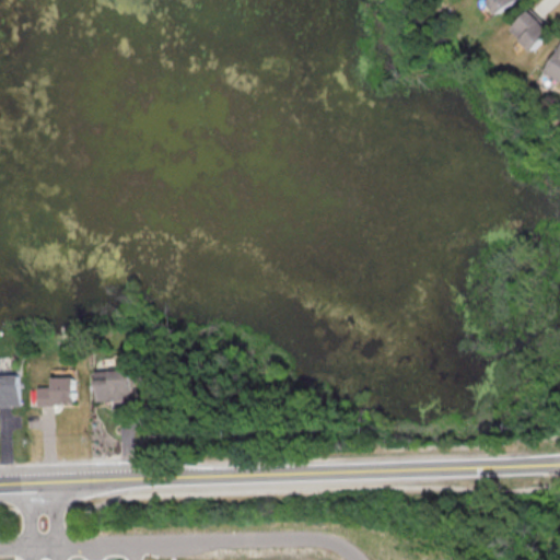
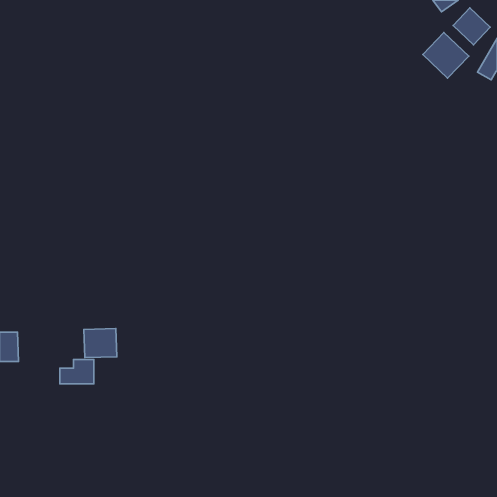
building: none -> [423,32,469,78]
building: [37,377,75,405] -> [60,359,94,384]

